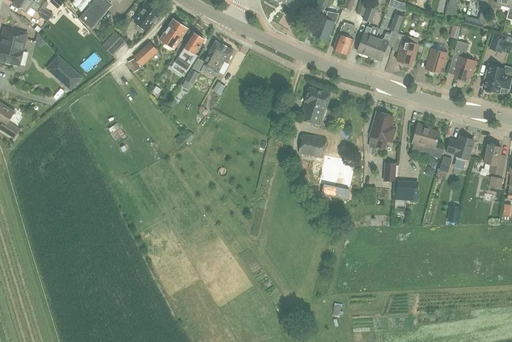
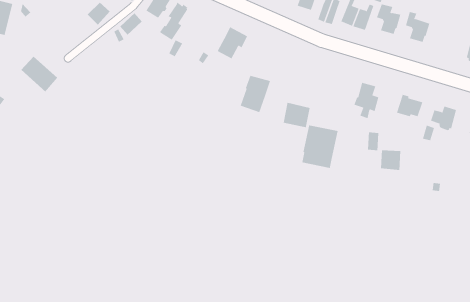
building: [202,40,233,73] -> [217,26,248,59]
building: [450,40,475,81] -> none
building: [45,54,83,91] -> [20,56,58,93]
building: [299,87,330,125] -> [240,75,271,113]

